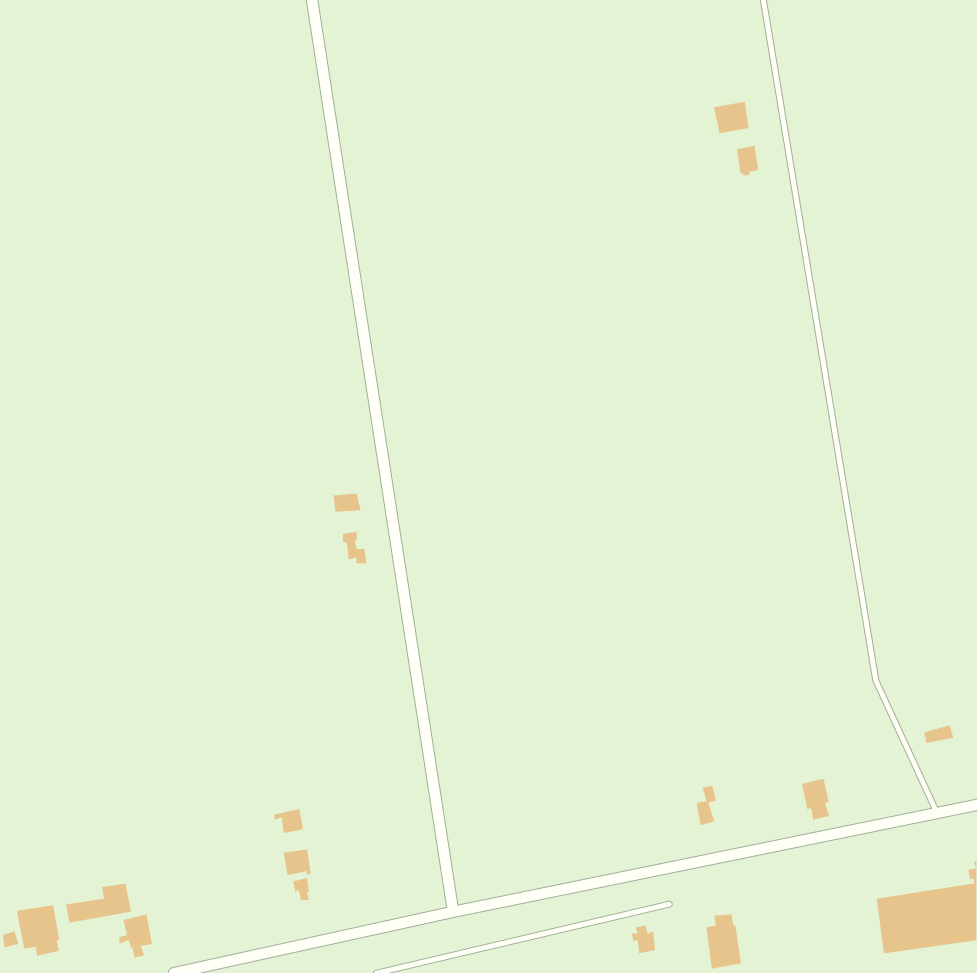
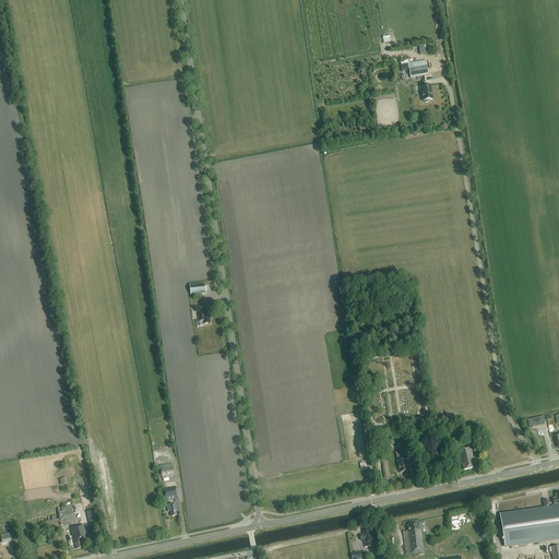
building: [16,904,60,957] -> none

